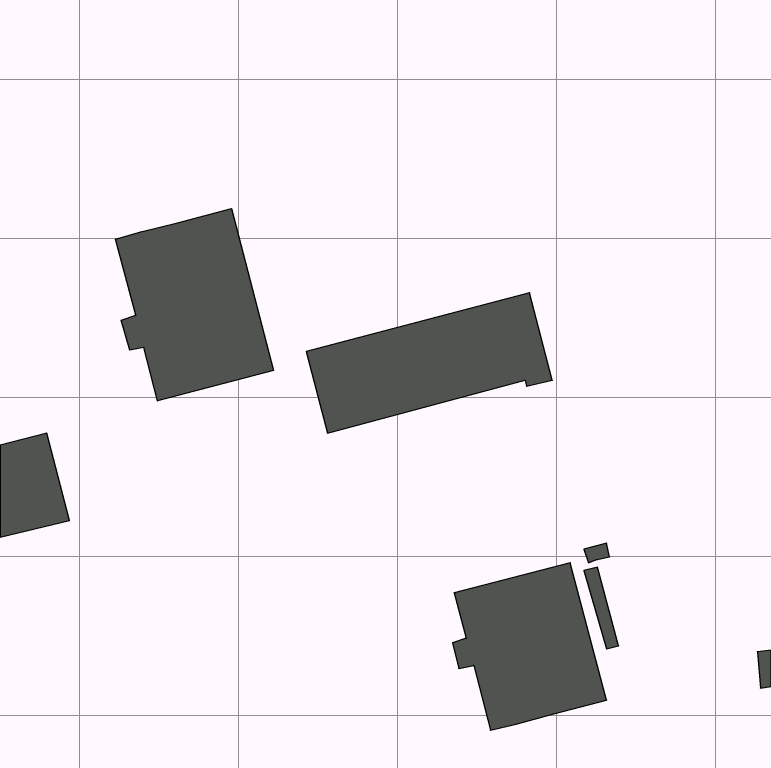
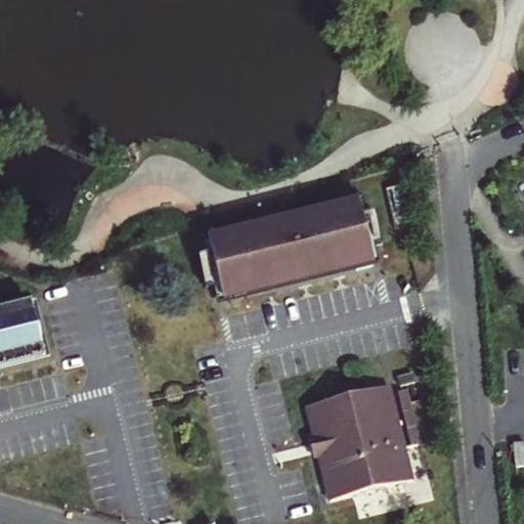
building: [116,209,273,401] -> none

